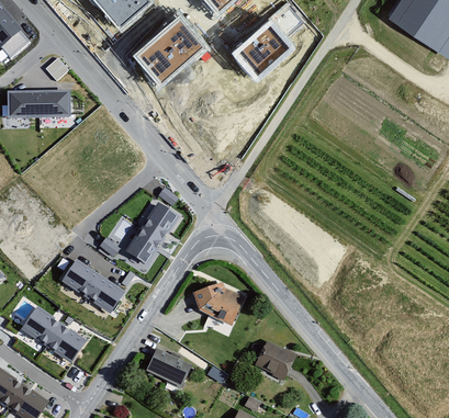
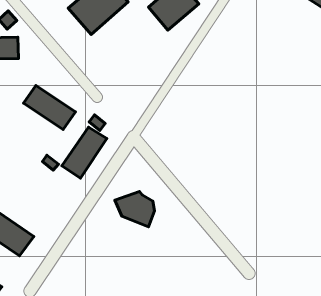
building: [60,259,125,314] -> [24,85,76,129]
building: [252,340,295,381] -> none
building: [144,348,191,388] -> none

